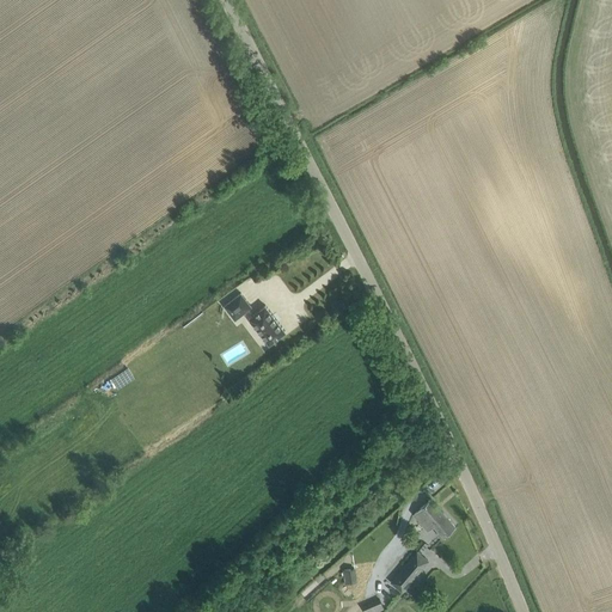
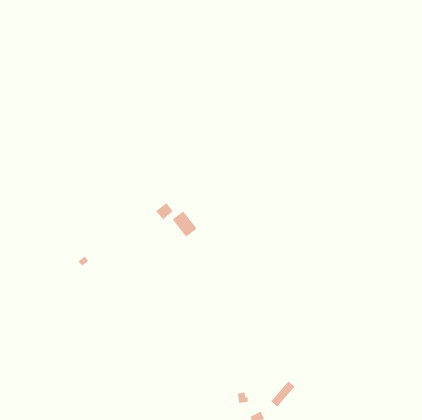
building: [414,501,455,540] -> none

